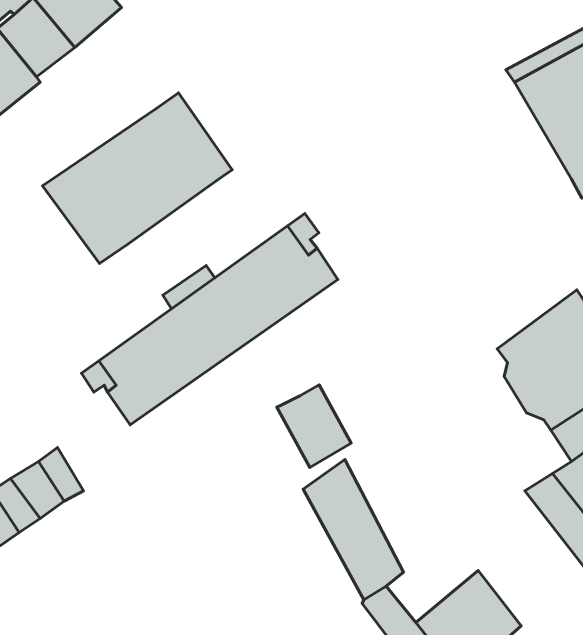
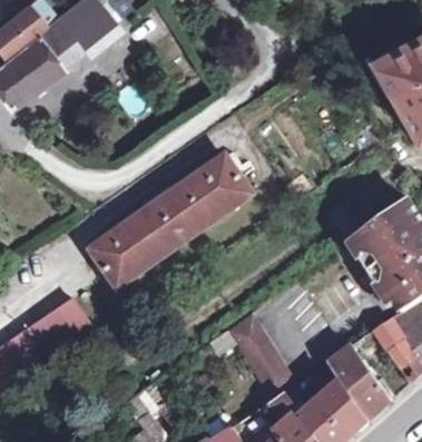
building: [43,93,232,264] -> none
building: [277,385,351,468] -> none
building: none -> [327,345,393,418]

